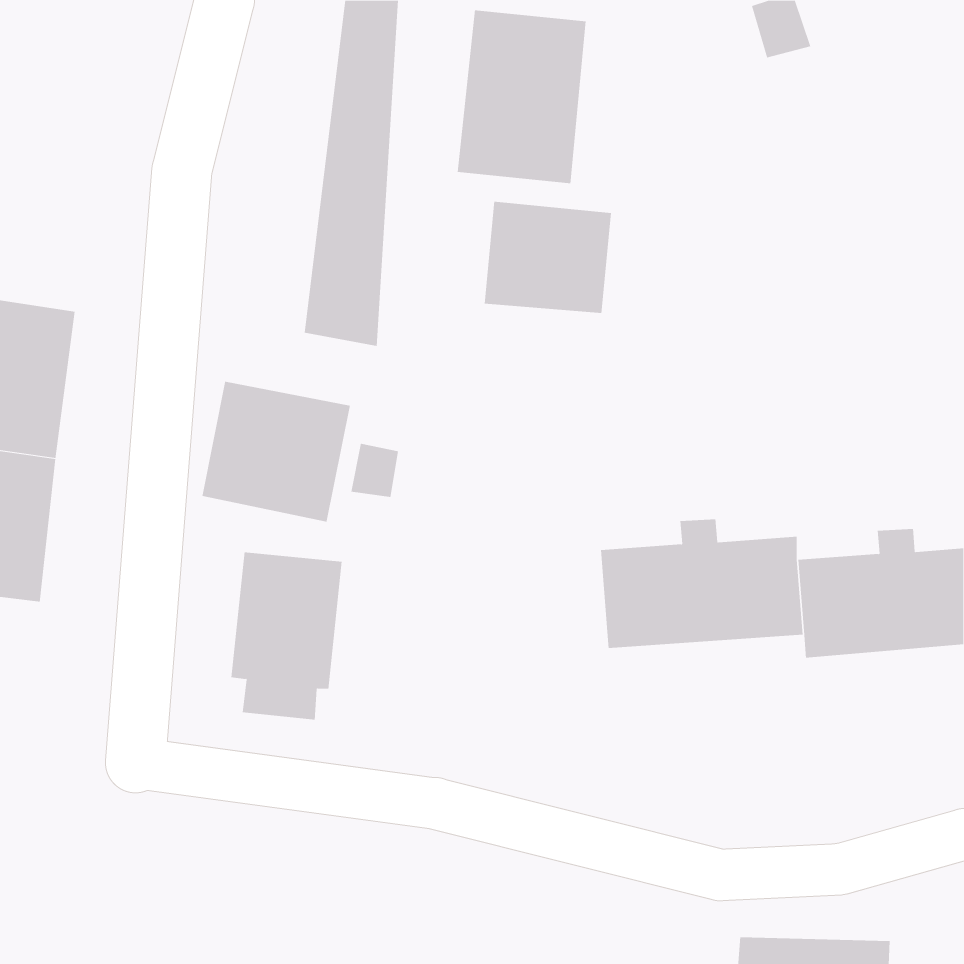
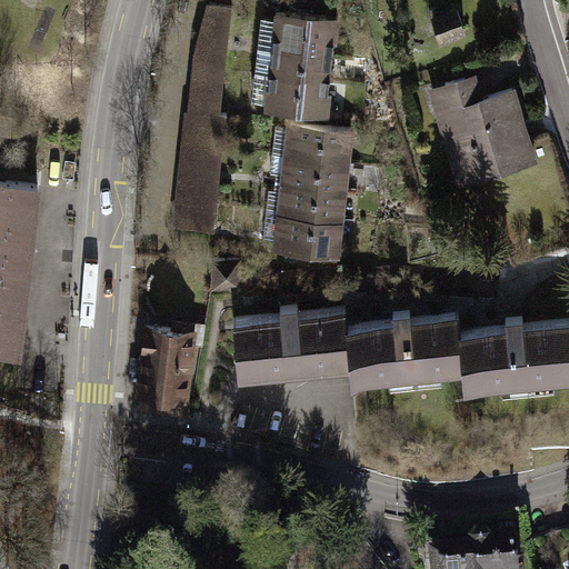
building: none -> [428,81,537,192]
building: none -> [272,189,346,259]
building: [202,381,350,522] -> none
building: none -> [231,307,348,381]

